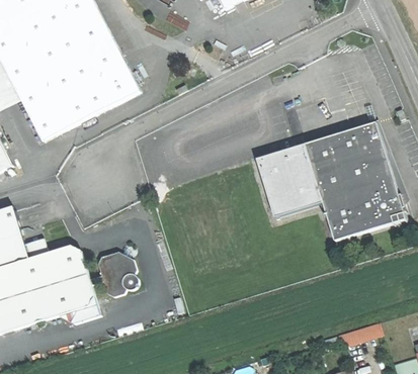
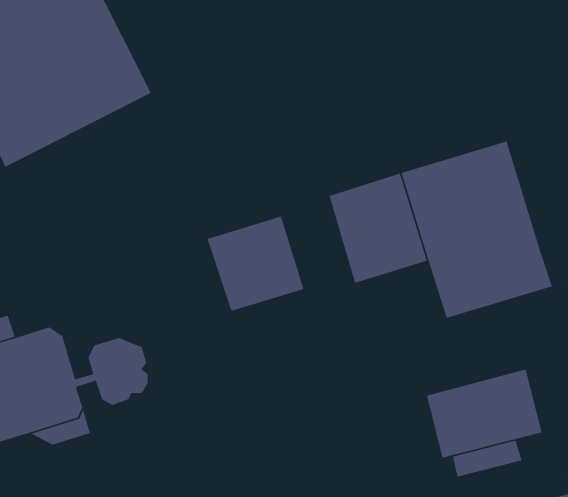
building: none -> [206,215,304,312]
building: none -> [426,369,542,459]

